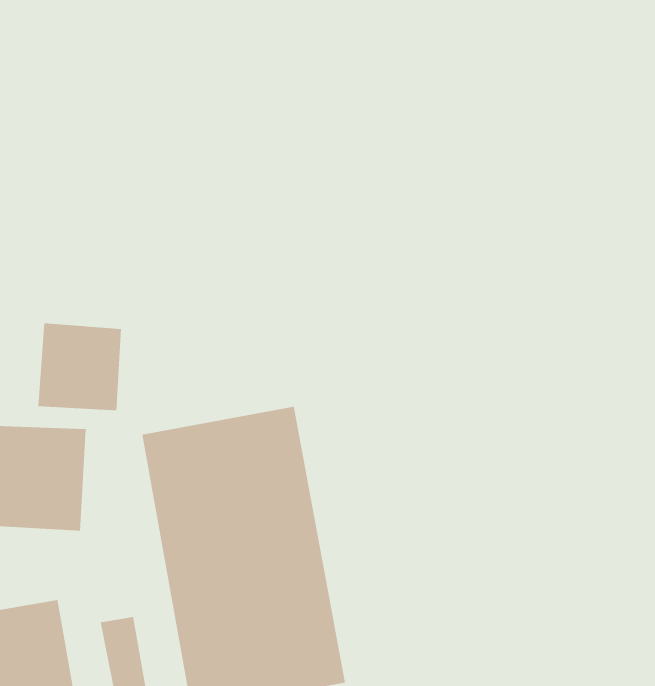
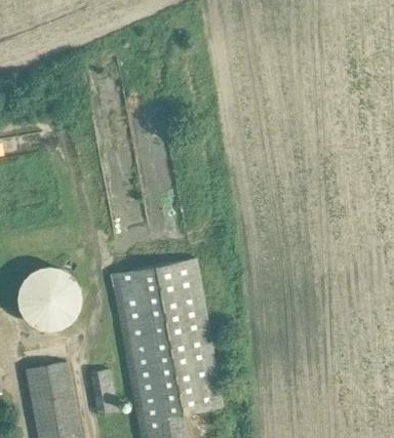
building: [38,323,121,411] -> none

